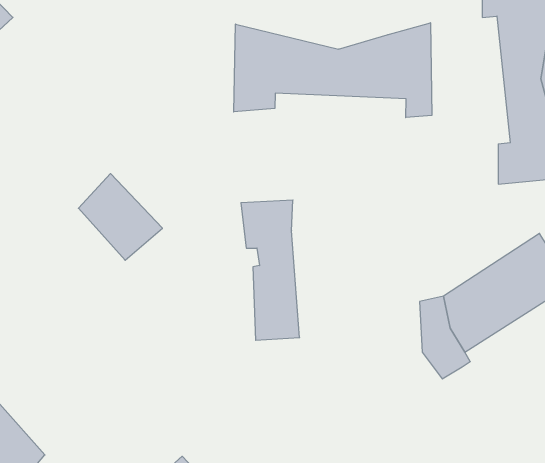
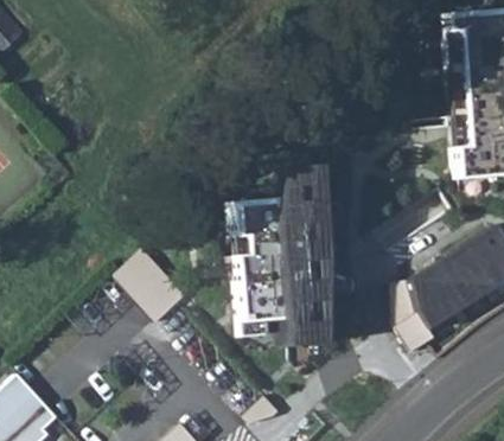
building: [234,23,432,118] -> none
building: none -> [276,159,325,343]
building: [78,174,162,260] -> [113,248,187,325]

